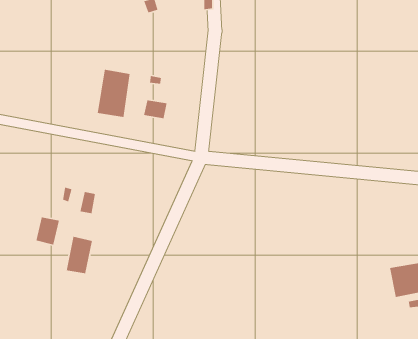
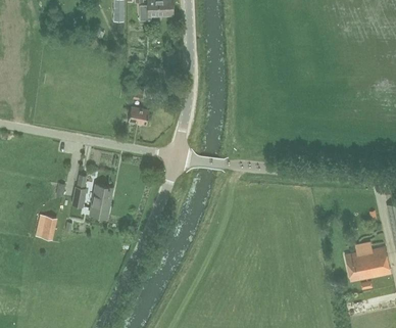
building: [97,69,130,118] -> none
building: [66,236,93,274] -> [89,185,112,219]

